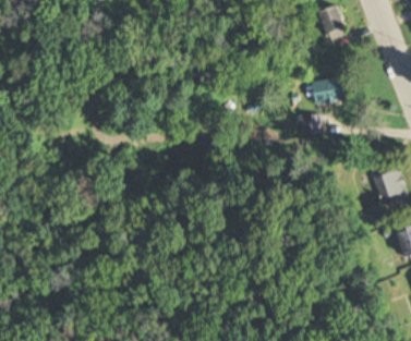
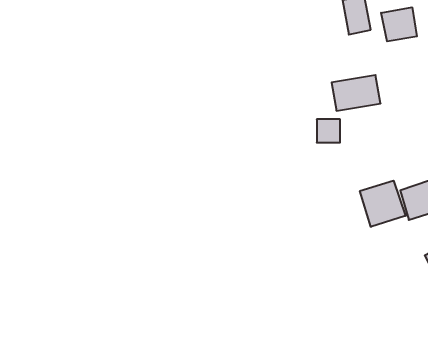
building: none -> [381,7,417,41]
building: none -> [360,181,406,227]

